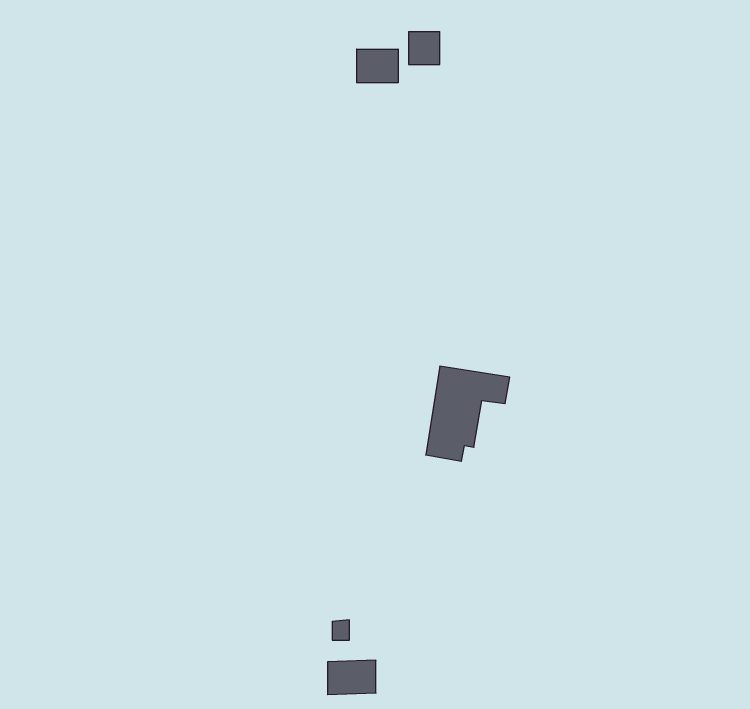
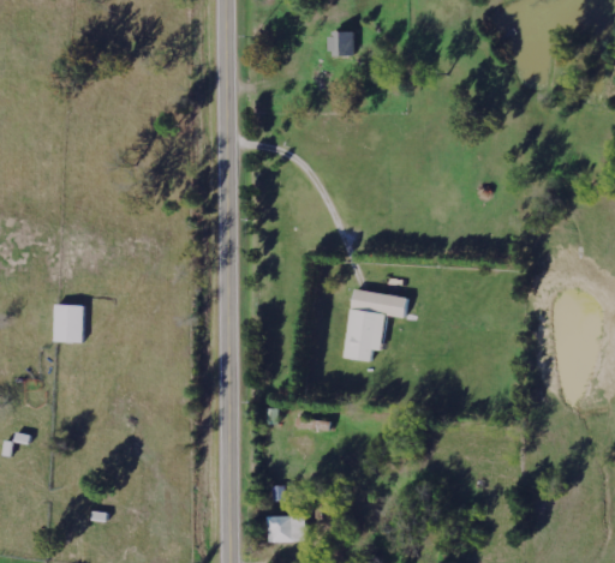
building: [357,49,398,83] -> none
building: none -> [53,305,83,343]

